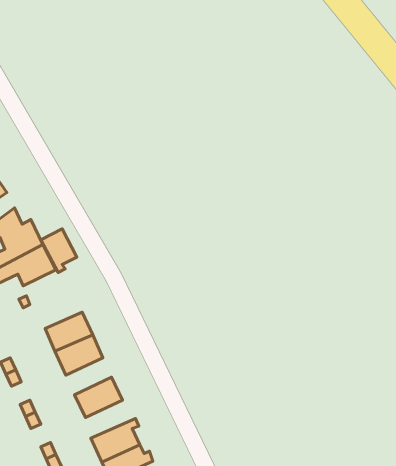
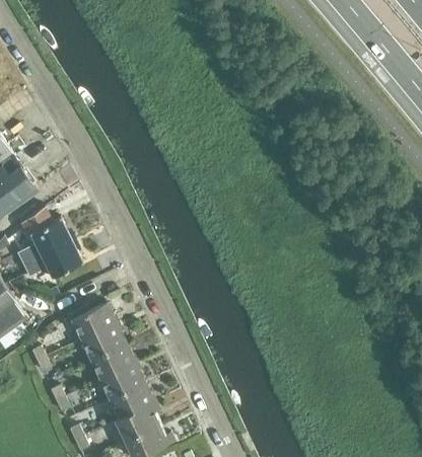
building: [41,229,77,273] -> none
building: none -> [92,346,135,380]
building: none -> [111,385,157,421]

